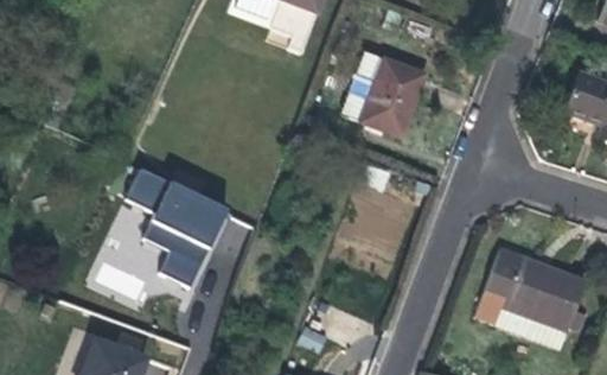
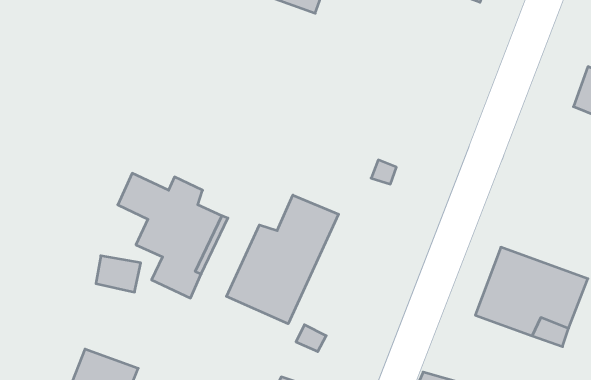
building: [345,44,430,132] -> none
building: none -> [226,195,339,324]

